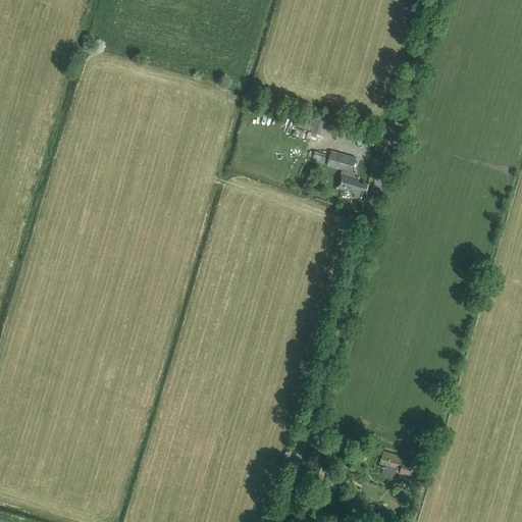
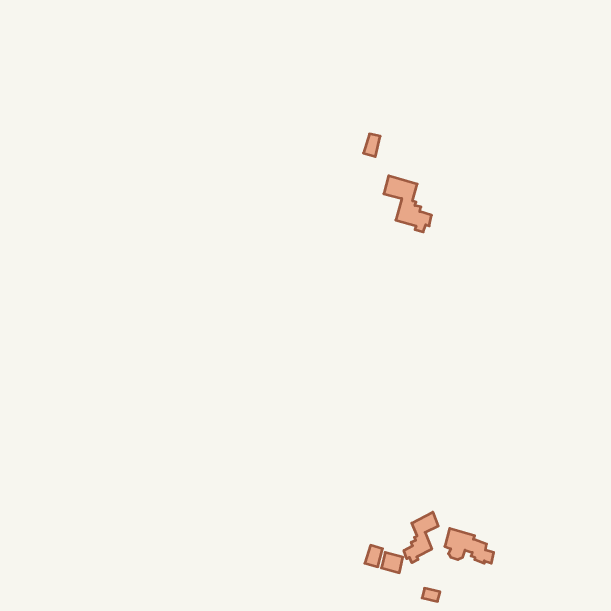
building: none -> [404,512,438,563]

